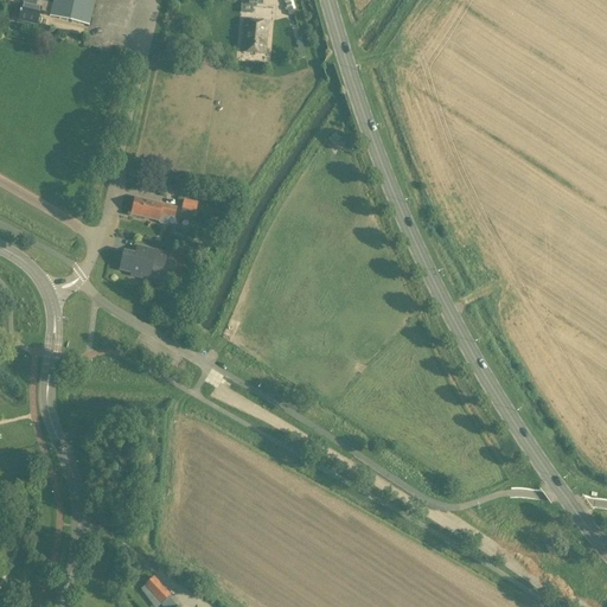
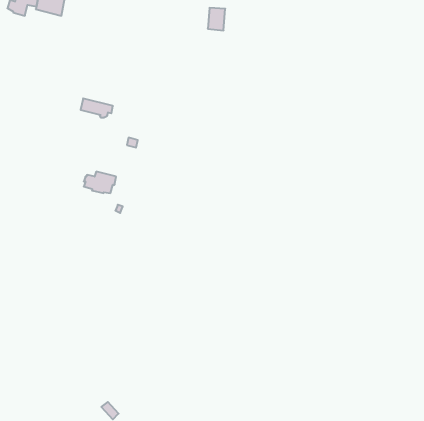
building: [242,19,267,51] -> [208,8,225,30]
building: [130,194,177,222] -> [81,98,113,117]

